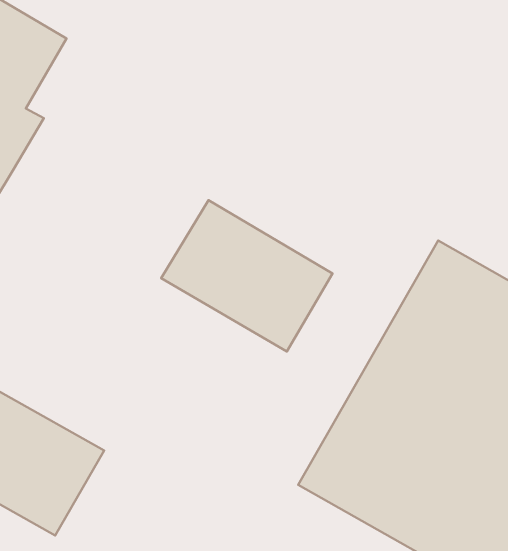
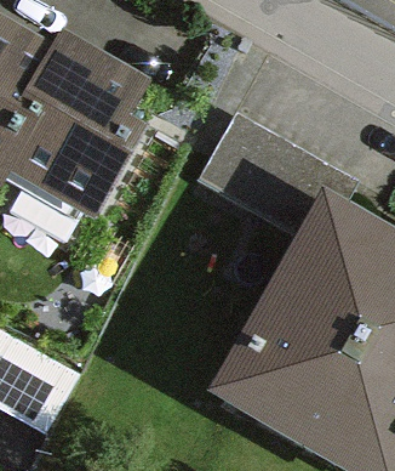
building: none -> [13,46,136,208]
building: [161,200,332,352] -> [207,119,334,232]

